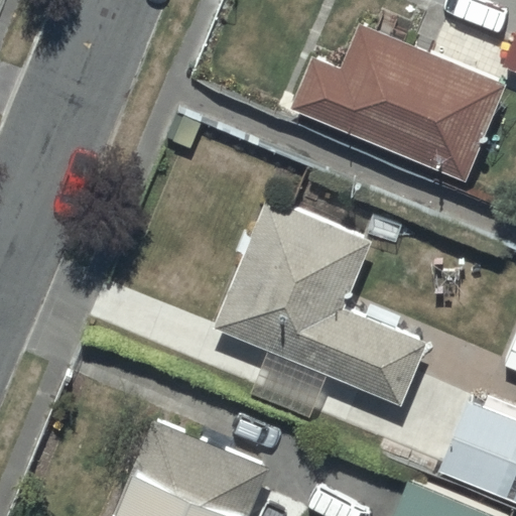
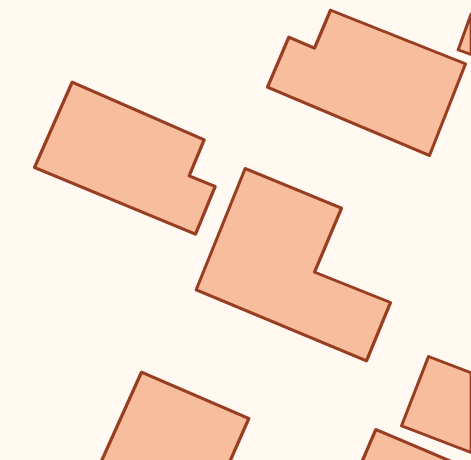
building: none -> [34,82,215,234]

